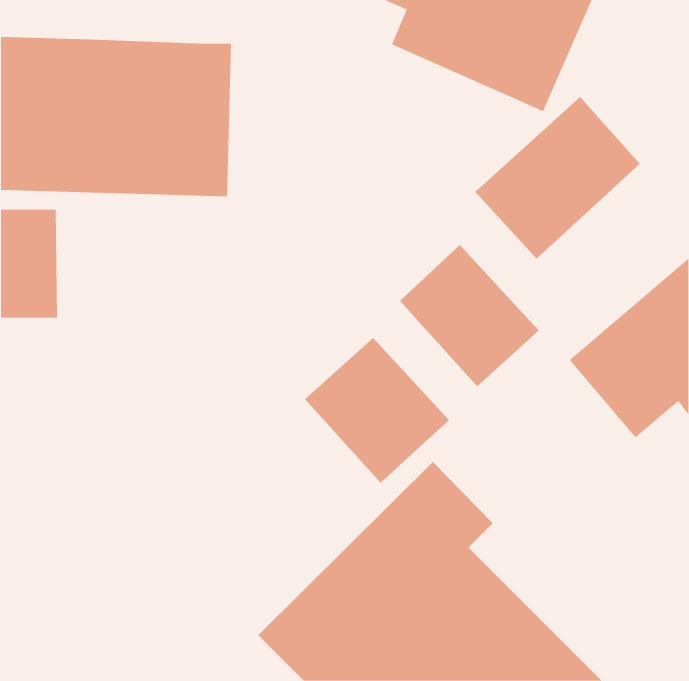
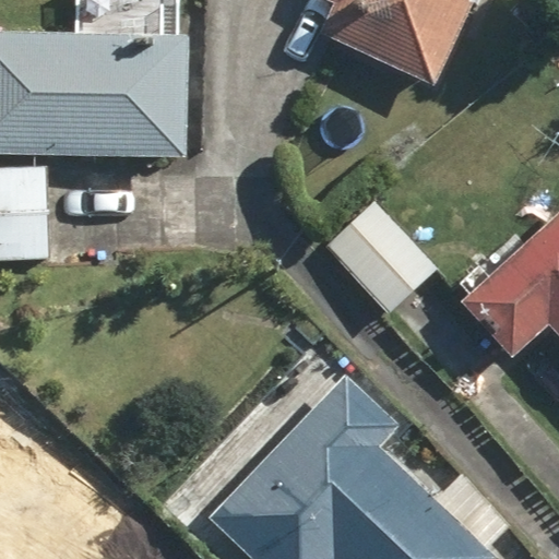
building: [475,96,640,259] -> none
building: [304,337,450,484] -> none

